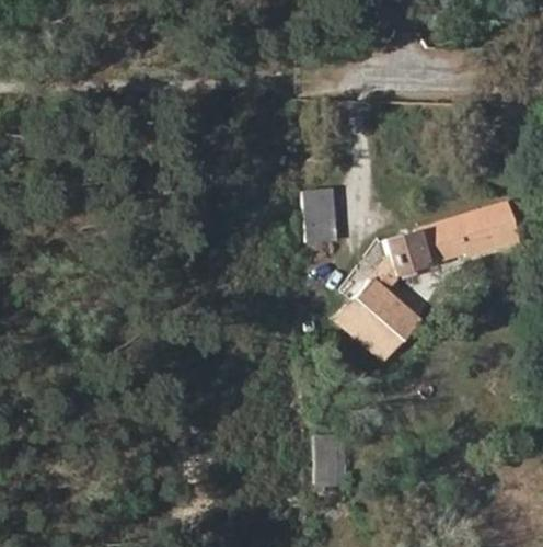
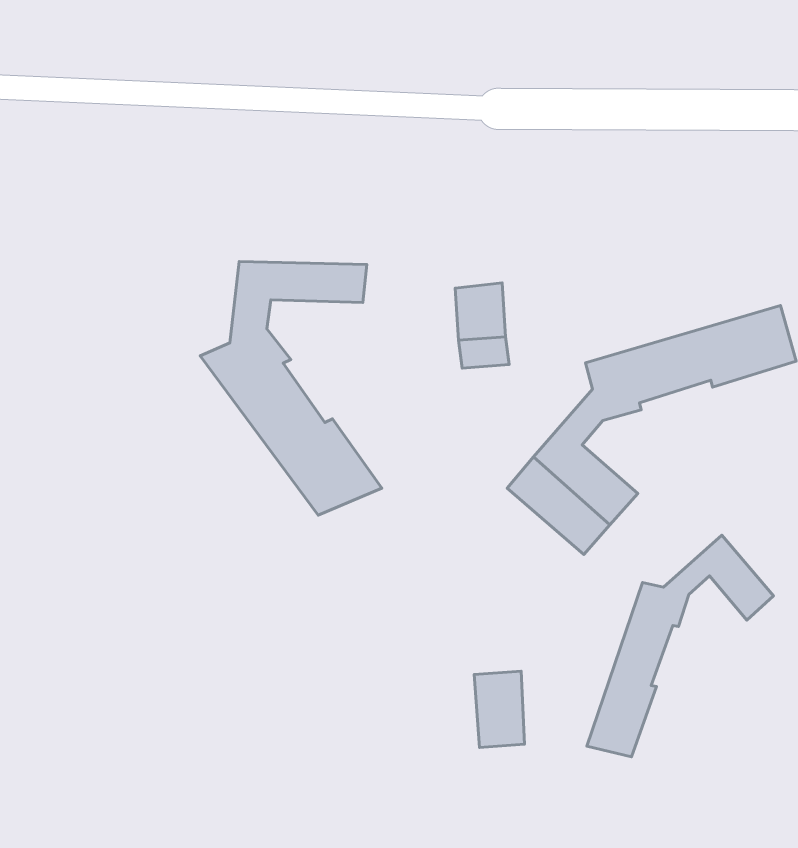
building: none -> [200,261,382,515]
building: none -> [587,535,774,757]

